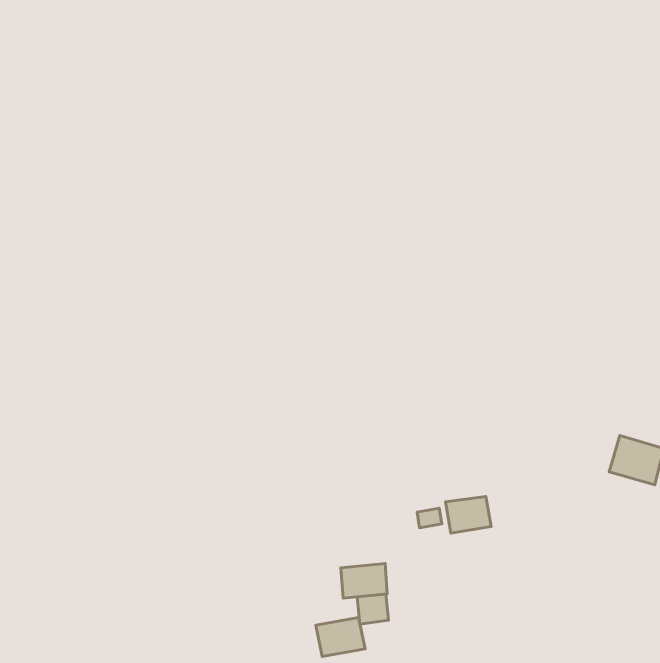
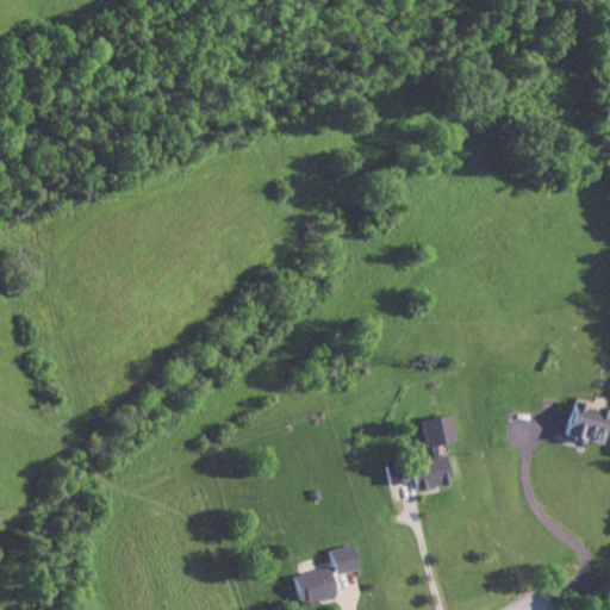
building: none -> [422,415,459,446]
building: [341,564,387,598] -> none

